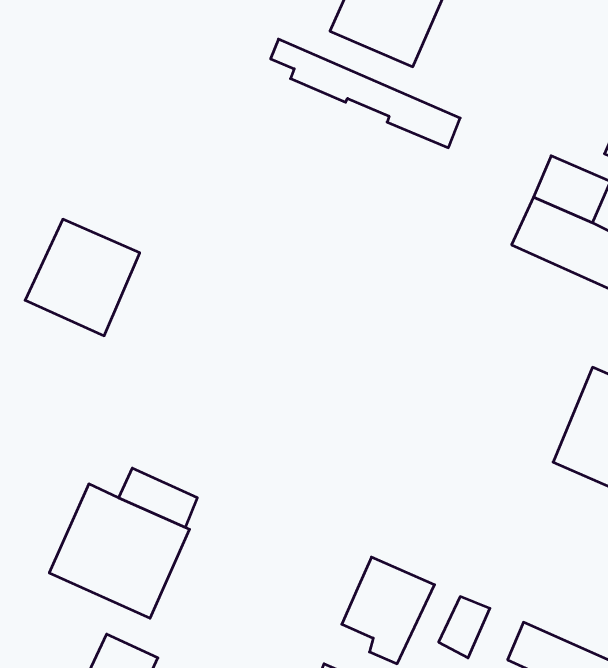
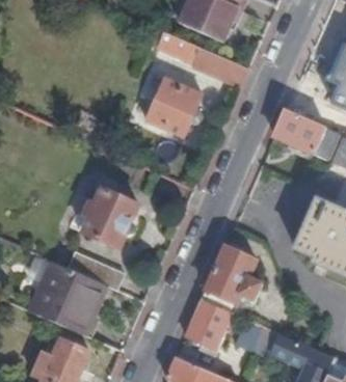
building: none -> [145,80,201,138]
building: [25,219,140,336] -> [77,189,137,250]
building: none -> [199,247,261,318]

